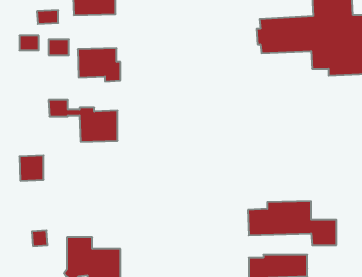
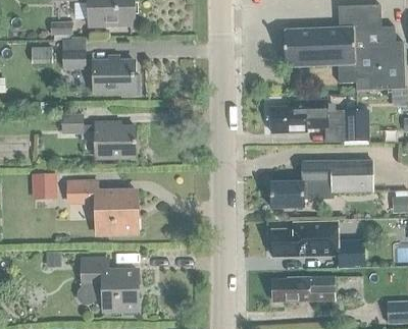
building: none -> [271,101,369,142]
building: none -> [270,160,373,208]
building: none -> [68,181,137,234]

